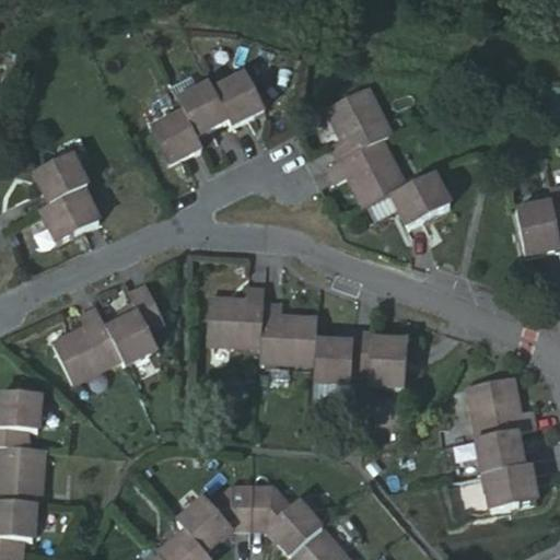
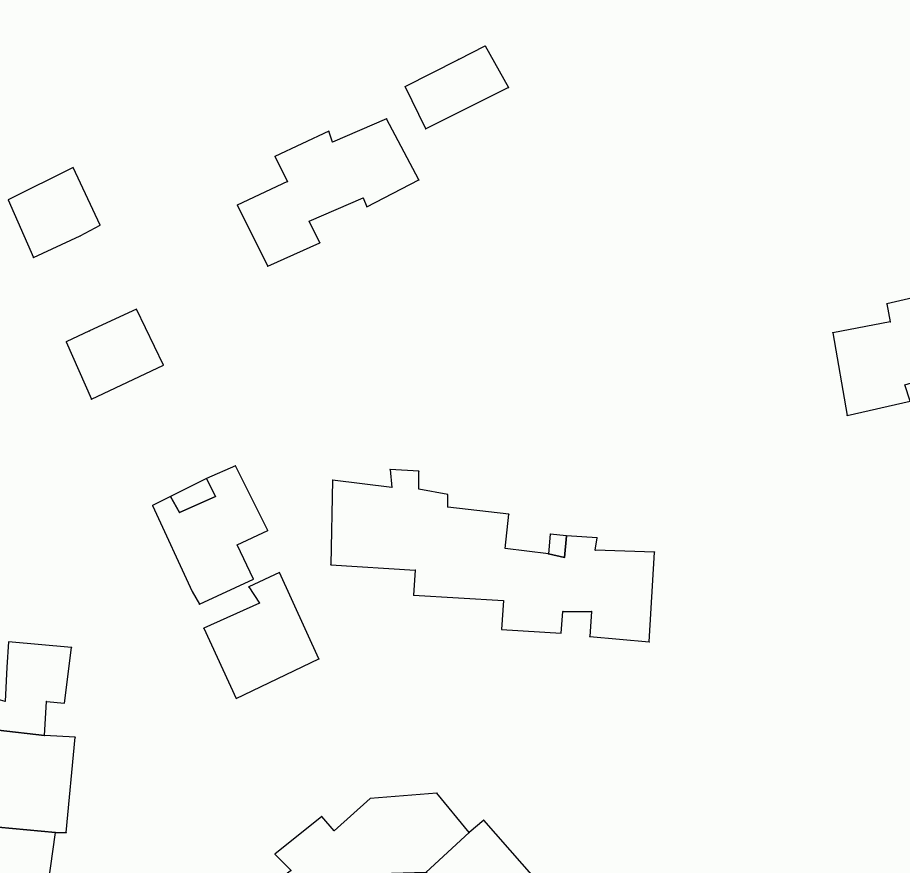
building: none -> [405,46,509,129]
building: [322,85,448,226] -> none
building: [45,148,101,202] -> [8,168,100,258]
building: [52,308,122,385] -> [204,573,319,698]
building: [462,372,536,509] -> none

